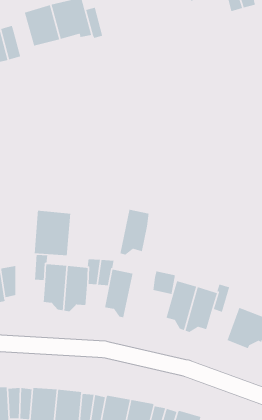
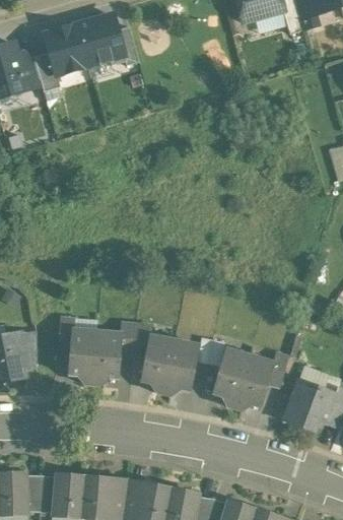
building: none -> [33,52,59,91]
building: [119,209,150,256] -> [162,340,198,395]
building: [34,210,71,256] -> none

